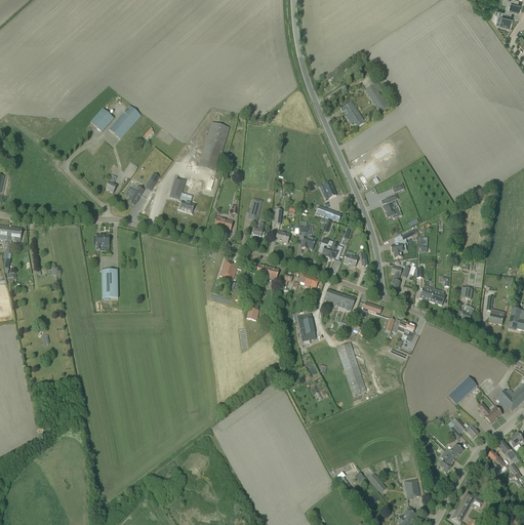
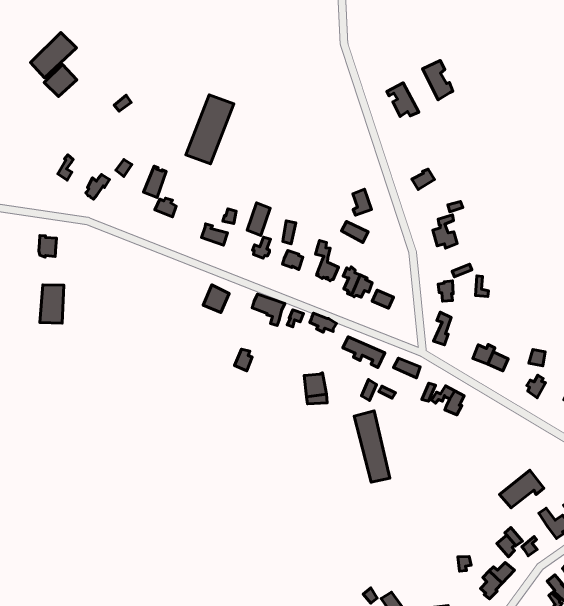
building: [109,105,142,138] -> [30,33,77,78]

